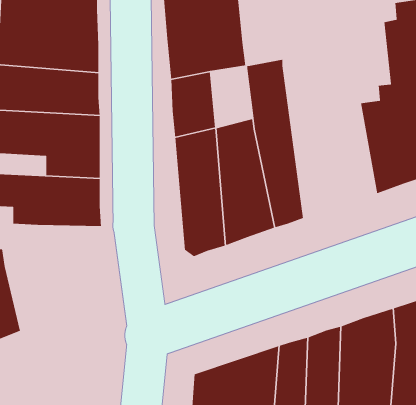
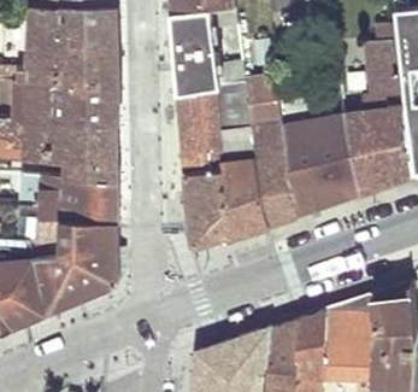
building: none -> [277,78,359,216]
building: none -> [213,82,251,136]
building: none -> [34,222,118,315]

